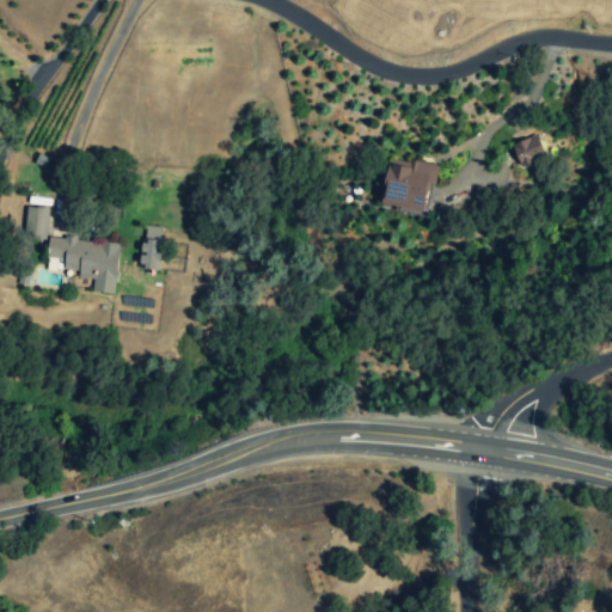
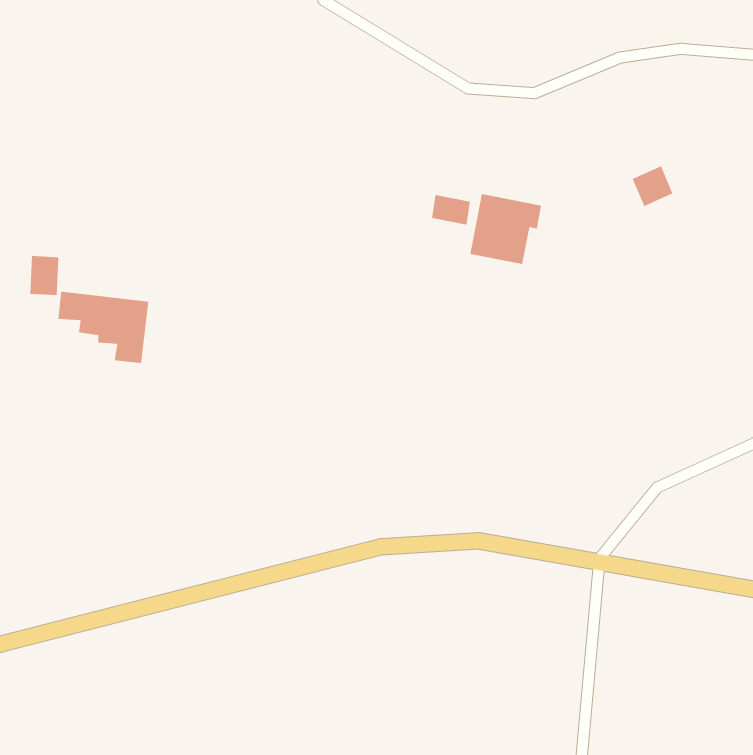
building: none -> [431,194,471,225]
building: [143,226,163,270] -> none

